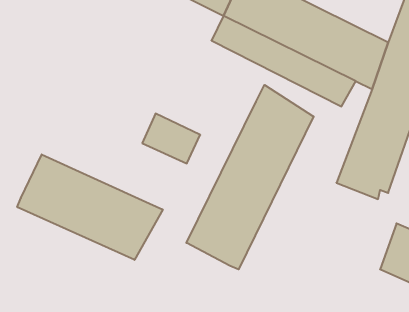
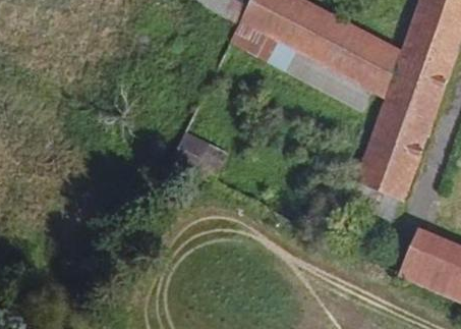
building: [186,85,314,269] -> none
building: [17,154,163,260] -> none

